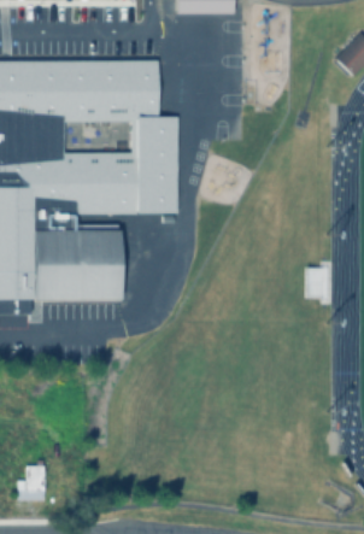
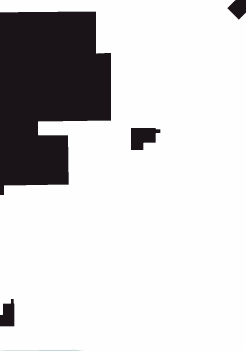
building: none -> [130,127,161,151]

